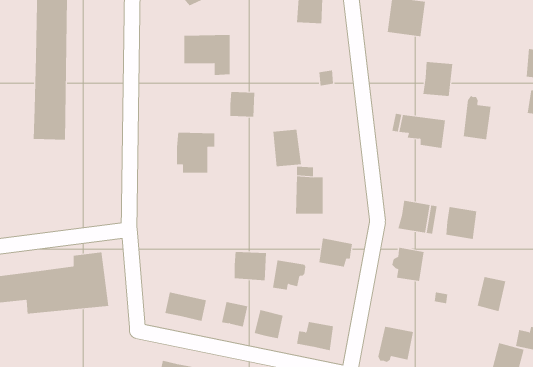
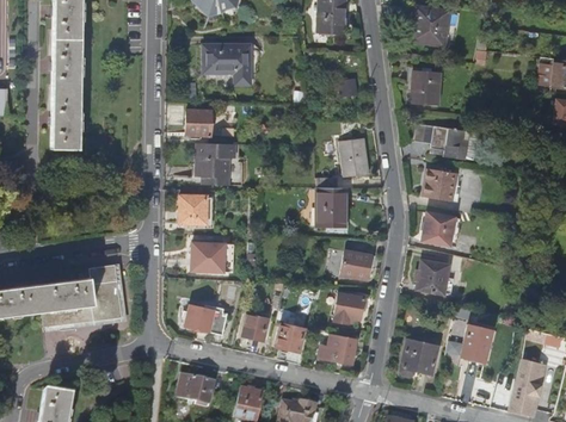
building: [422,61,453,97] -> [410,69,441,105]
building: [229,91,255,117] -> [185,108,211,135]
building: [463,95,491,140] -> none
building: [272,129,302,167] -> [339,137,369,175]
building: none -> [179,194,207,223]
building: [445,207,477,240] -> [423,167,455,200]
building: [234,252,267,281] -> [191,242,224,272]
building: [272,260,306,290] -> [333,292,368,323]
building: [477,277,506,312] -> [460,324,490,360]

